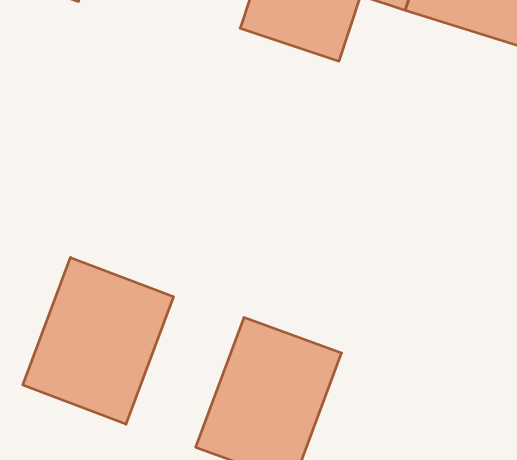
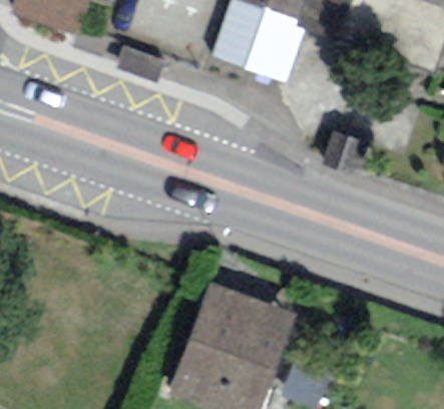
building: [23,257,173,424] -> none

